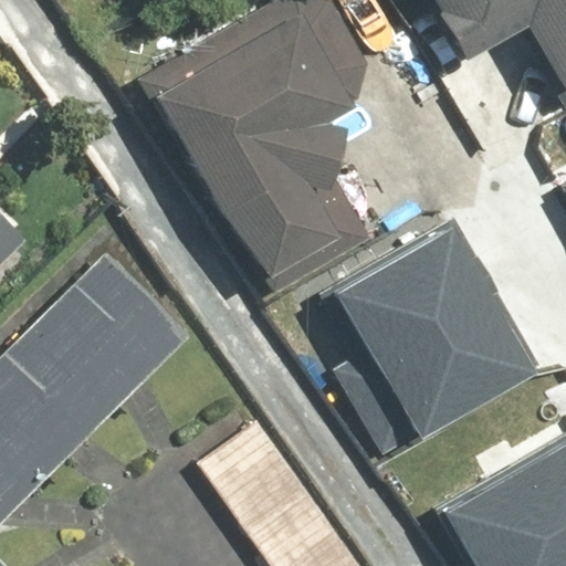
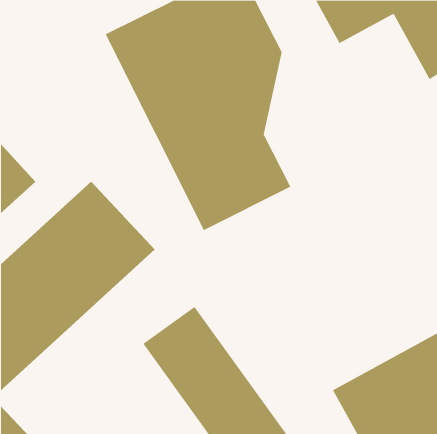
building: [324,253,525,452] -> none

